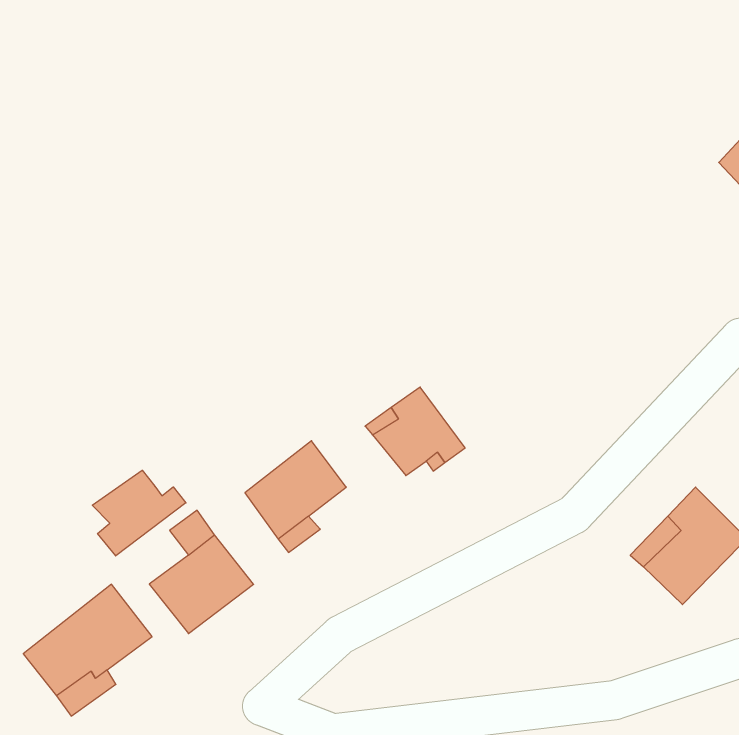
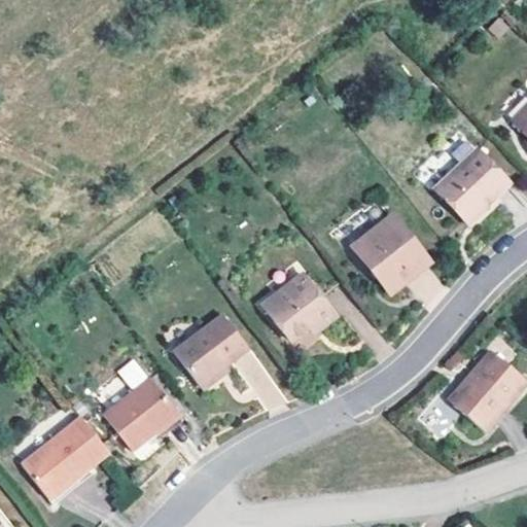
building: none -> [434,147,512,217]
building: none -> [346,216,423,291]
building: [92,470,186,556] -> none

